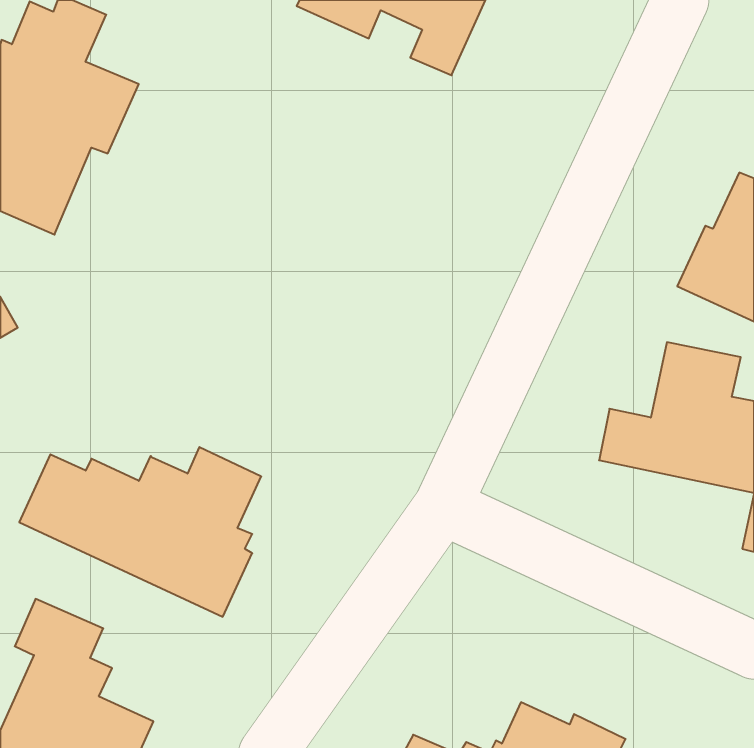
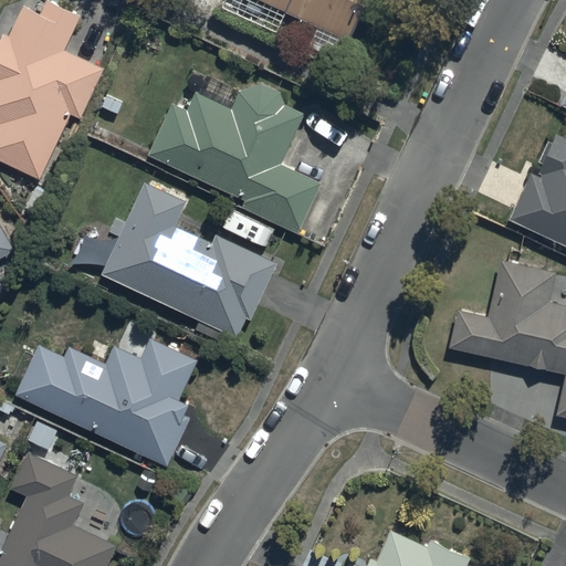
building: none -> [147,76,321,234]
building: none -> [101,182,275,343]

